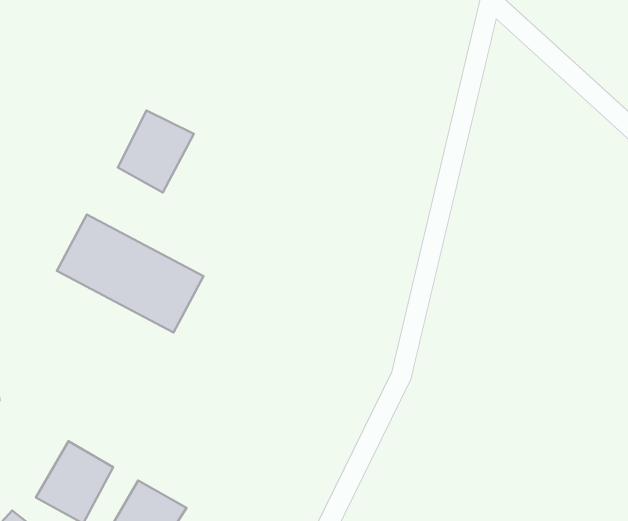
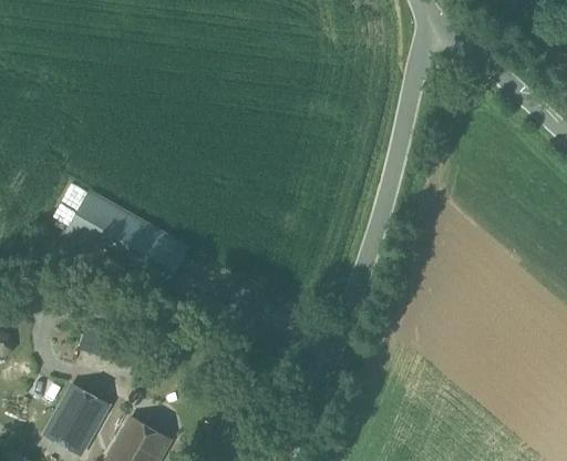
building: [118,111,194,193] -> none

